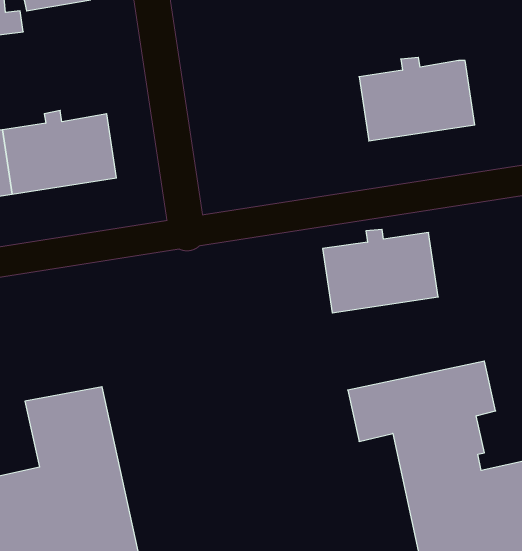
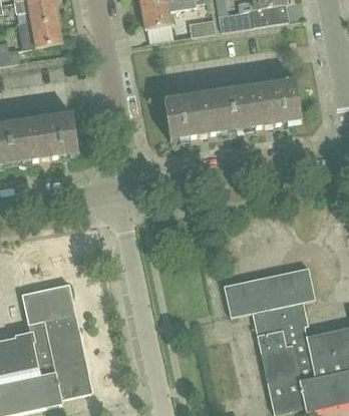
building: [323,229,438,313] -> [163,87,236,139]

